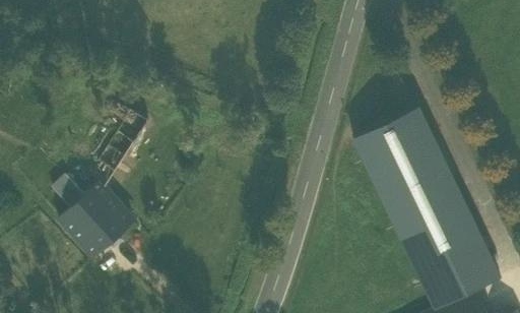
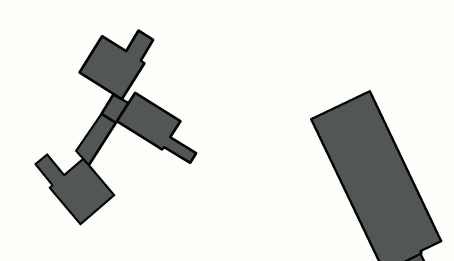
building: none -> [79,31,153,99]
building: none -> [117,93,196,163]

